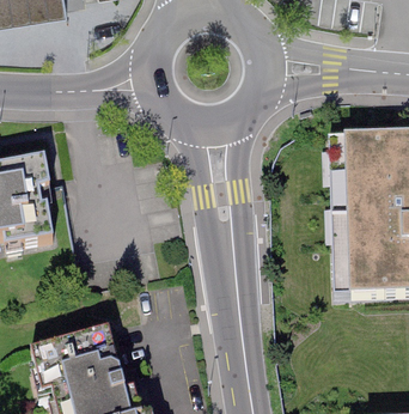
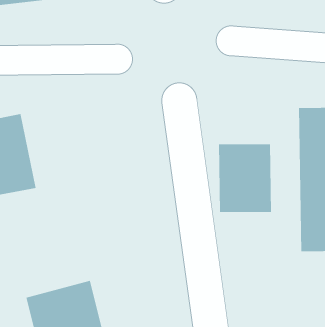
building: none -> [218,144,272,213]

